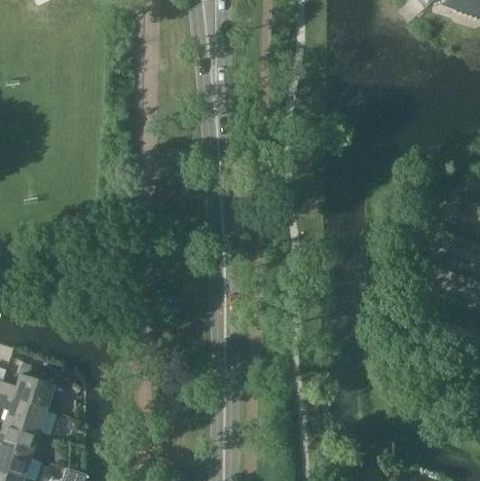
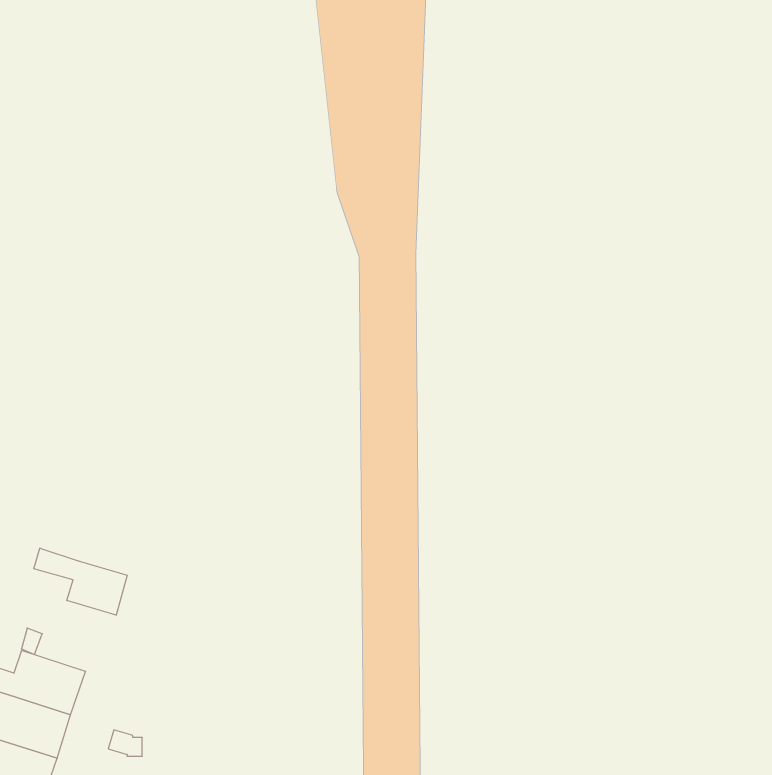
building: none -> [34,548,127,615]

